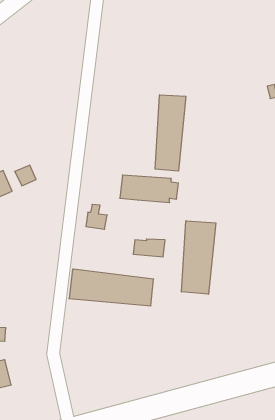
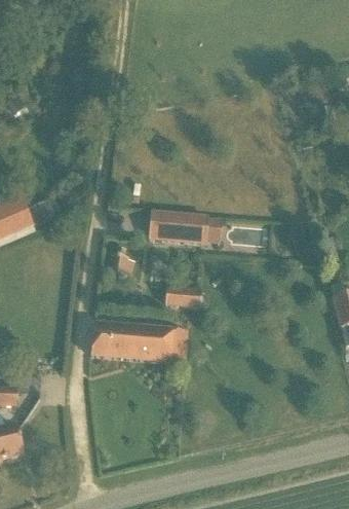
building: [155,95,186,171] -> none
building: [182,221,216,294] -> none

